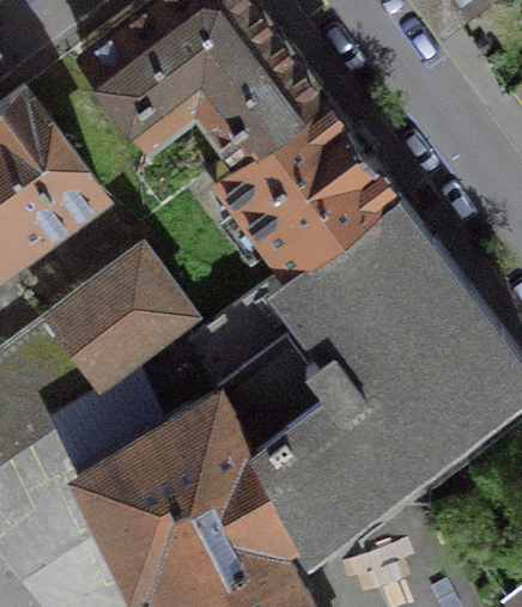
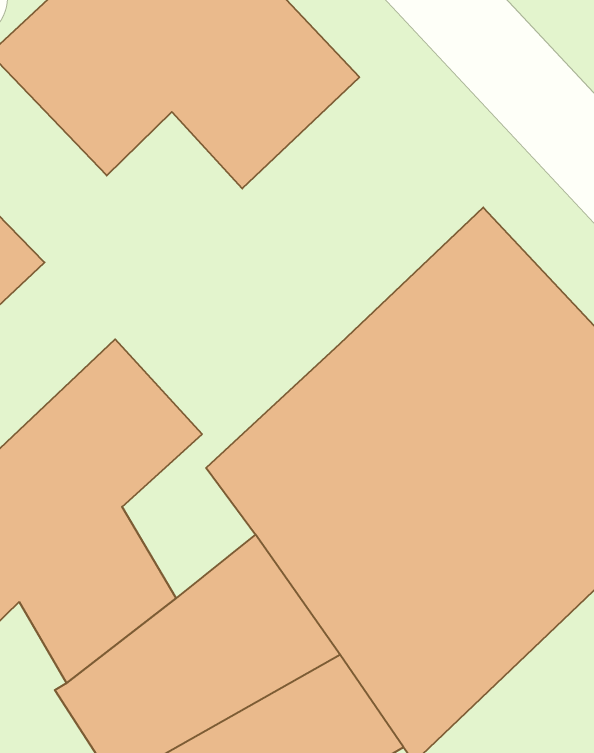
building: [219,102,397,277] -> none

